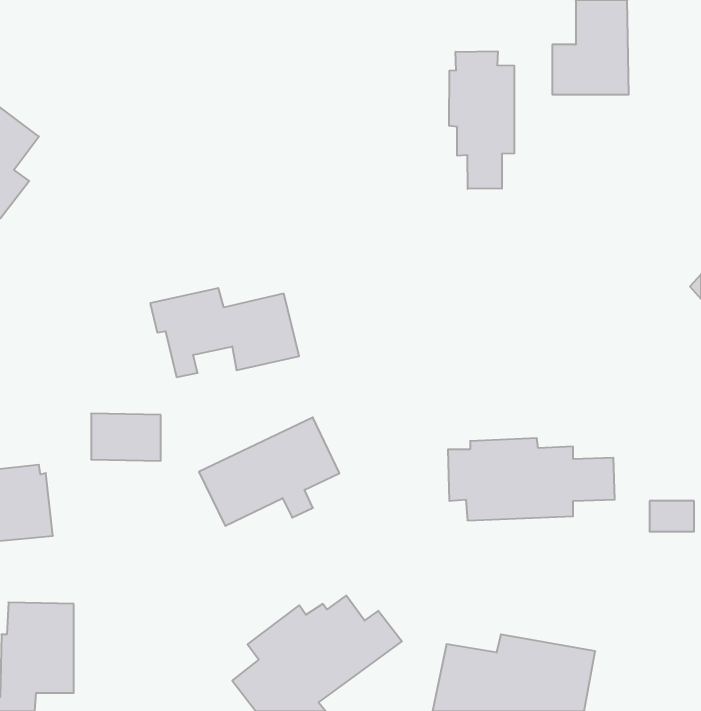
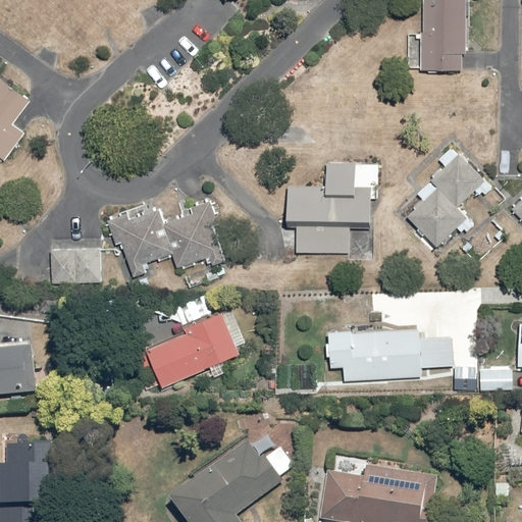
building: [449,51,514,189] -> none
building: none -> [405,144,488,247]
building: none -> [286,164,371,252]
building: [91,414,161,461] -> [46,248,97,282]

